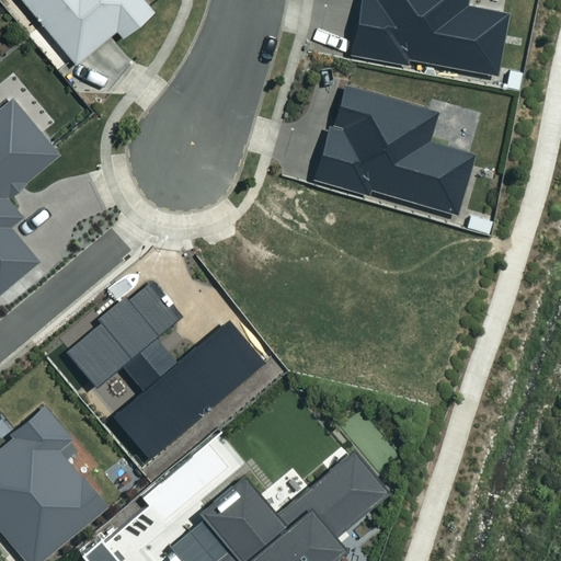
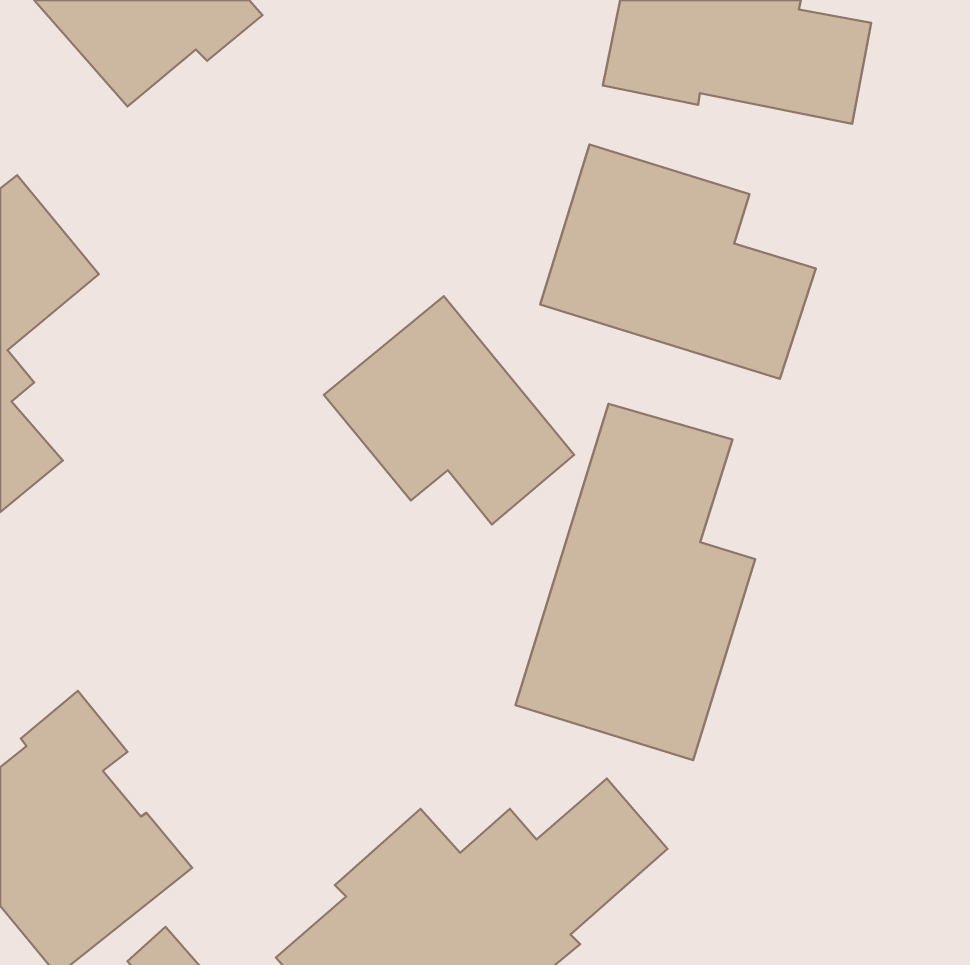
building: none -> [324,296,574,524]
building: none -> [515,404,755,760]
building: [69,275,268,454] -> none

